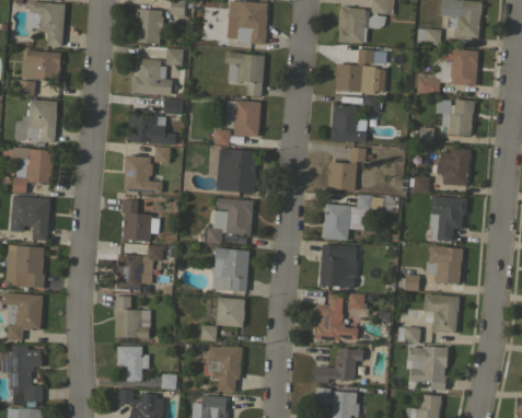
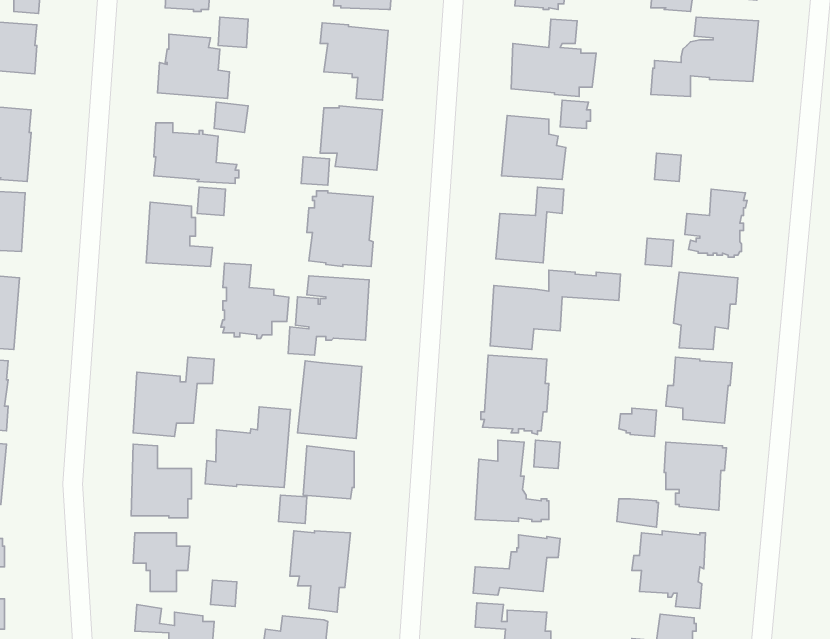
building: [437,100,475,136] -> none
building: [121,199,161,243] -> [221,263,289,339]
building: none -> [205,407,290,488]

